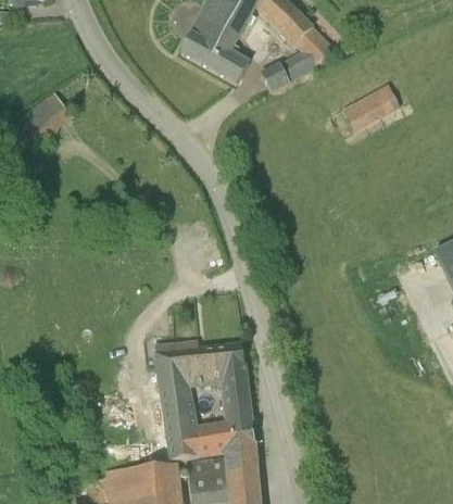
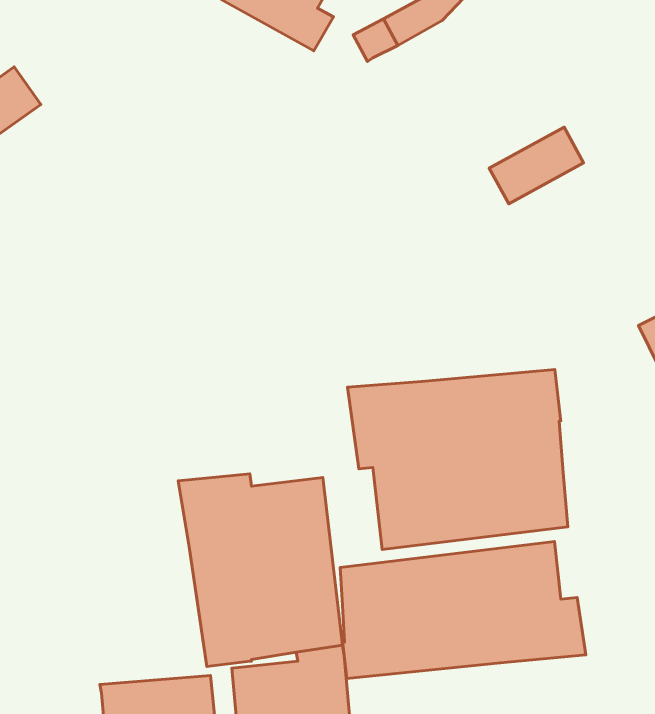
building: [342,85,400,131] -> [489,127,584,204]
building: none -> [348,370,568,550]
building: none -> [340,542,586,679]

